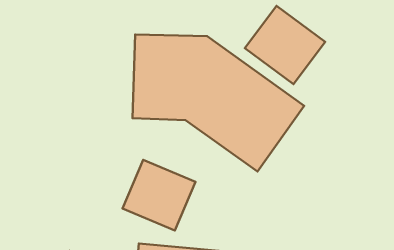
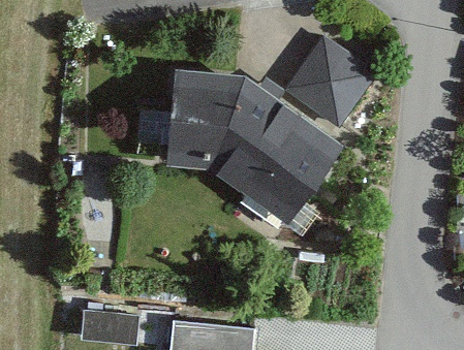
building: [123,160,196,231] -> none

